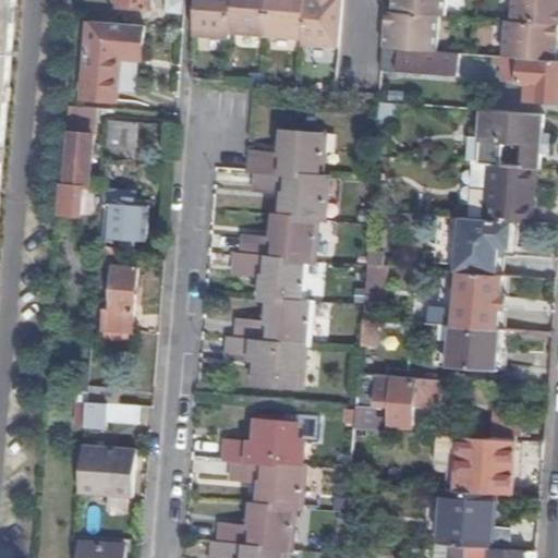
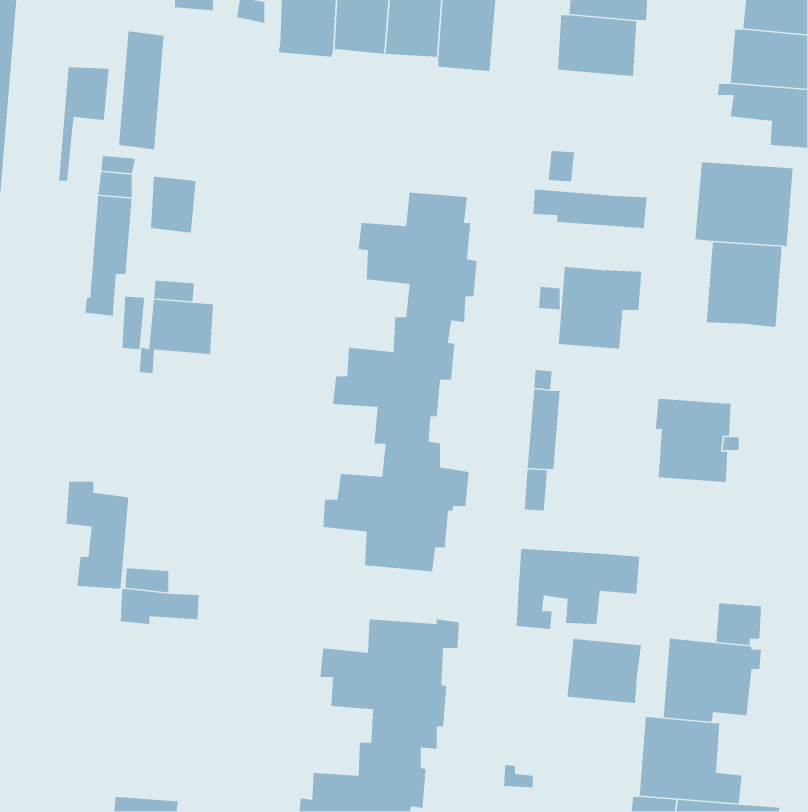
building: [106,24,141,102] -> [58,66,109,181]
building: [378,48,457,75] -> [533,189,648,229]
building: [451,218,509,275] -> [558,266,642,349]
building: [92,258,135,332] -> [65,481,129,590]
building: [445,327,504,371] -> none
building: none -> [567,638,642,704]
building: [76,446,134,497] -> none

